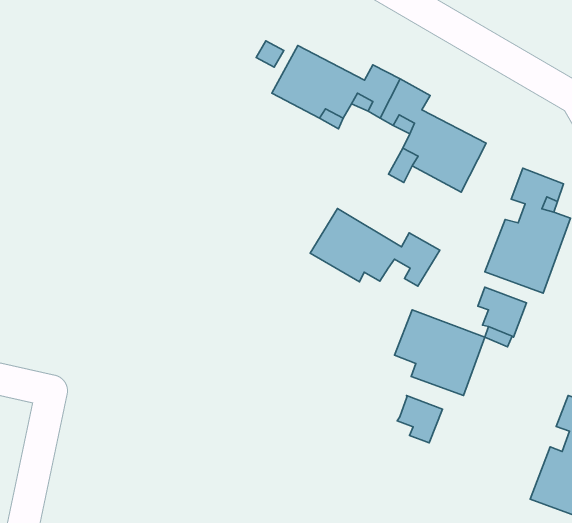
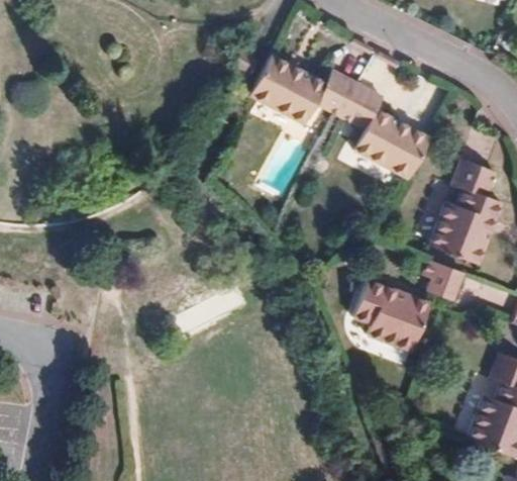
building: [310,208,440,286] -> none
building: [397,396,442,443] -> none

